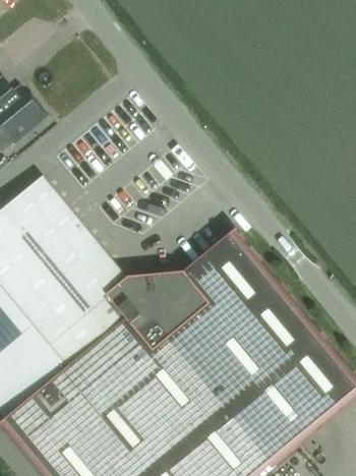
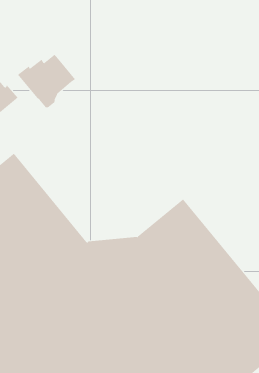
building: none -> [17,54,76,108]

